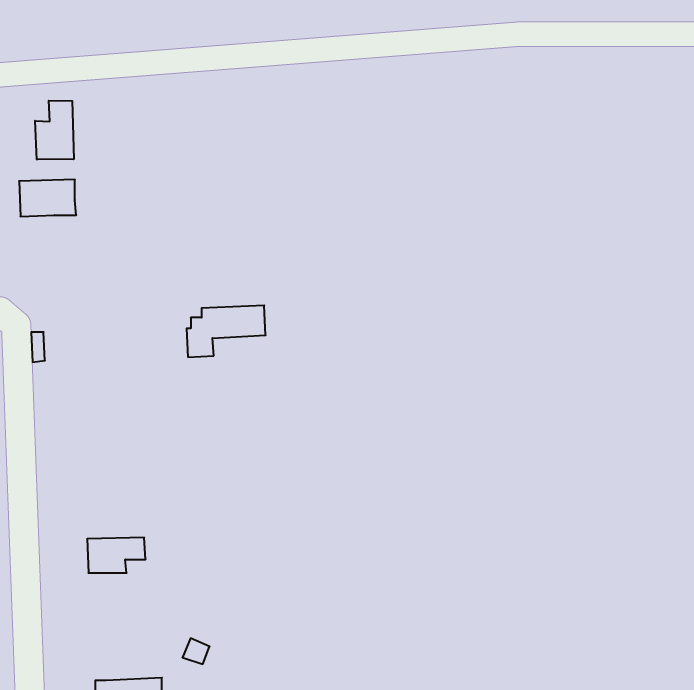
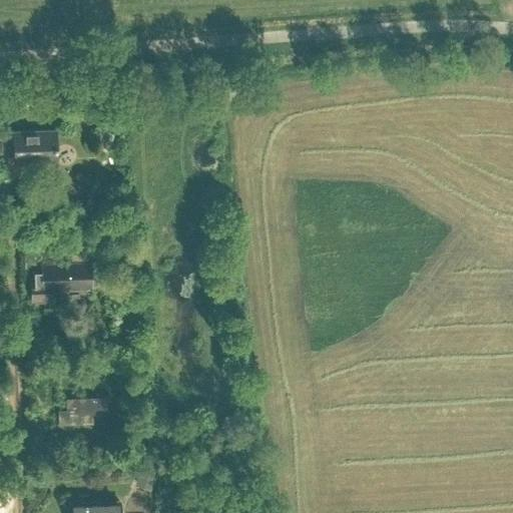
building: [35,101,74,160] -> none
building: [187,305,266,357] -> [32,266,90,304]

